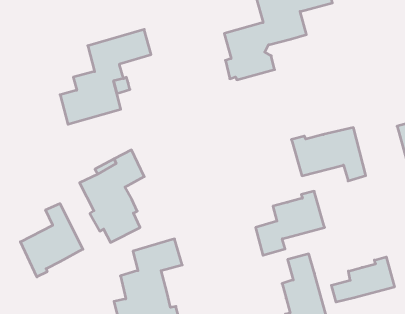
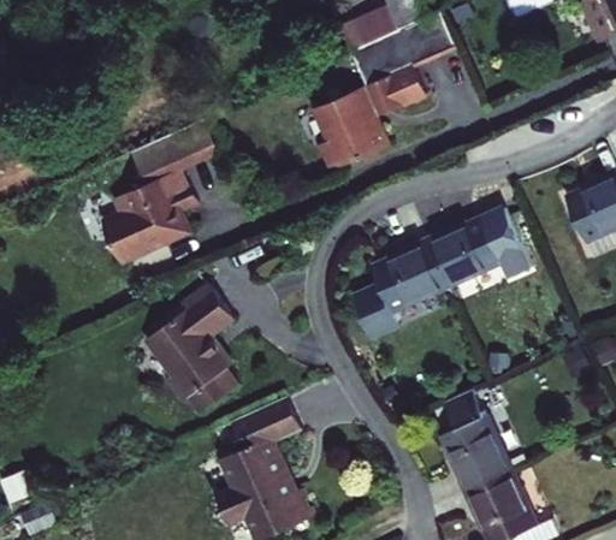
building: [256,191,325,255] -> [353,239,446,337]
building: [20,204,83,277] -> none
building: [331,257,394,302] -> none

